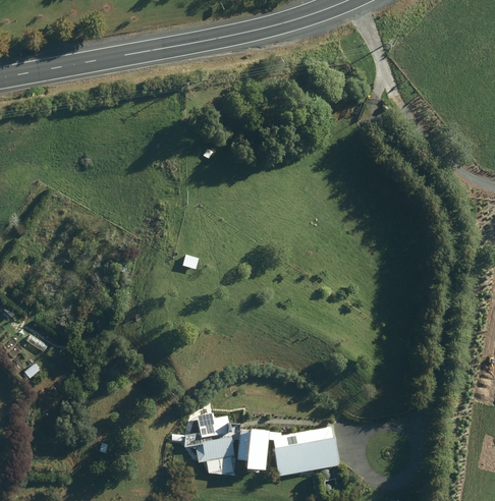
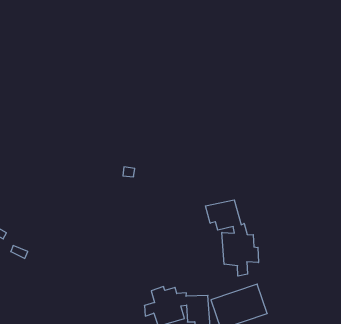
building: none -> [205,200,258,276]

